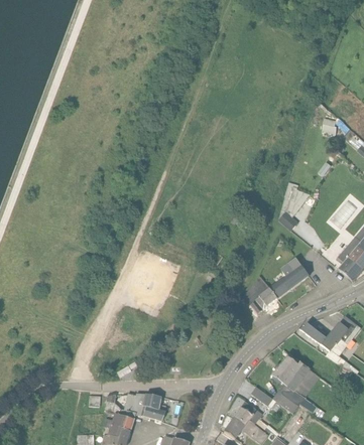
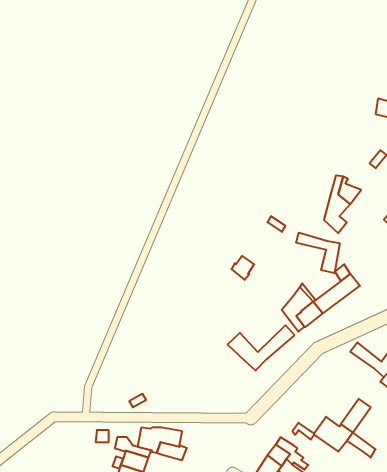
building: none -> [296,233,340,273]
building: none -> [228,325,294,371]
building: [270,355,310,392] -> none

